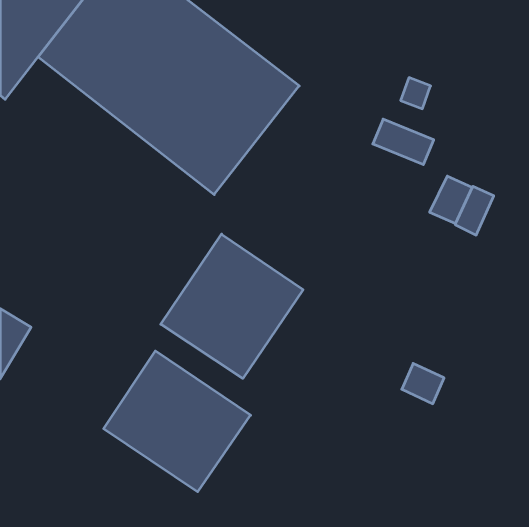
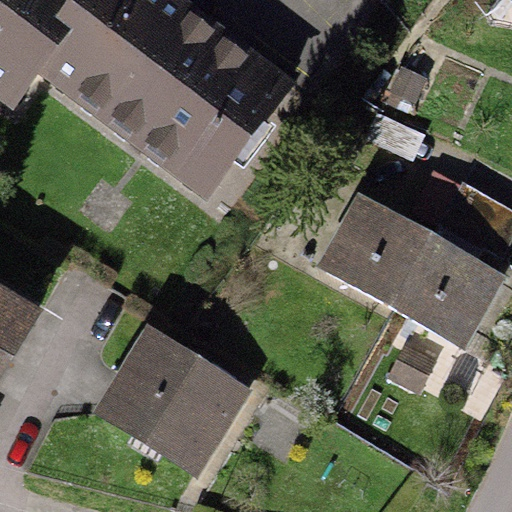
building: none -> [322,204,499,342]
building: [161,234,303,378] -> none

